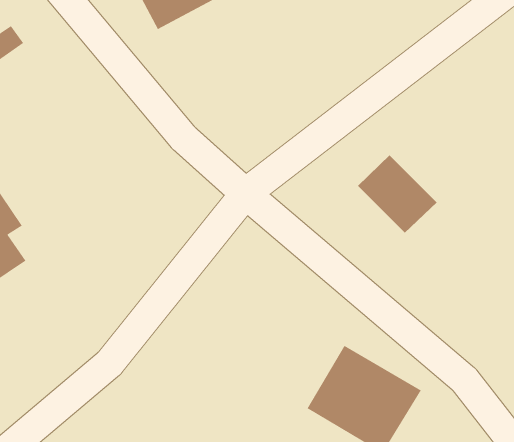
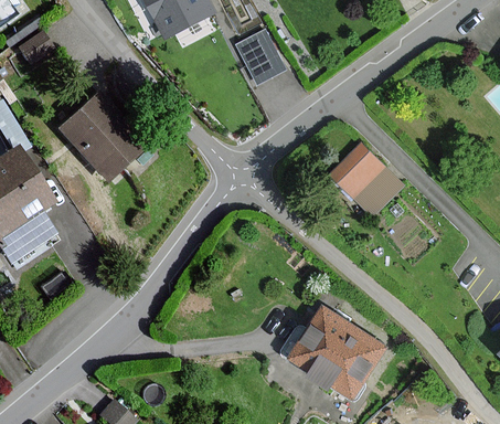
building: none -> [237,31,285,83]
building: none -> [58,94,143,180]

